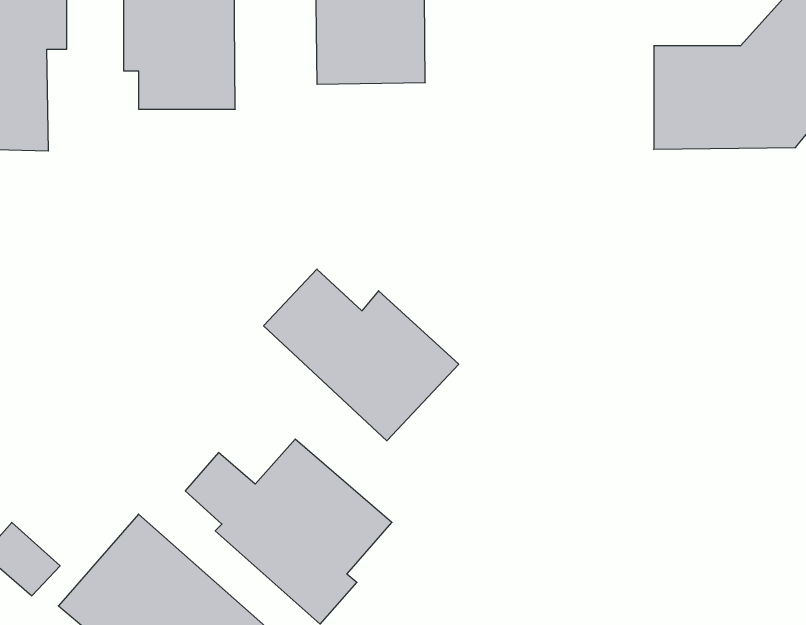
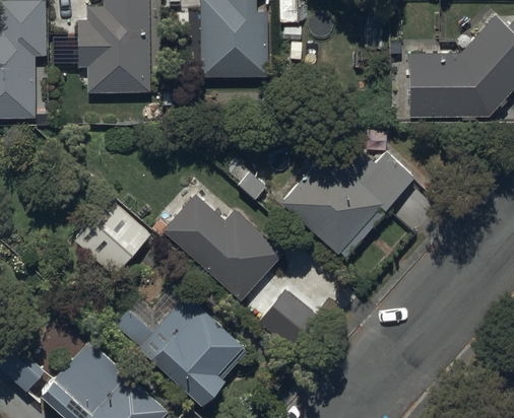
building: none -> [278,146,411,259]
building: none -> [67,193,149,274]
building: none -> [262,285,319,342]

